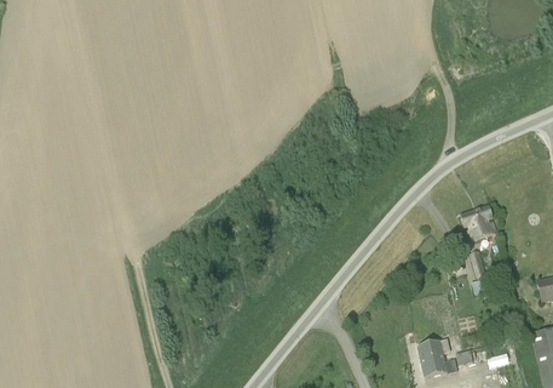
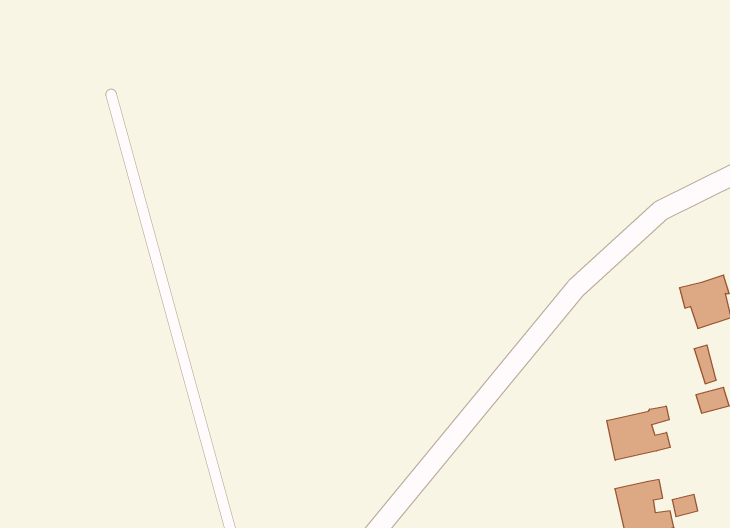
building: none -> [607,406,670,460]

